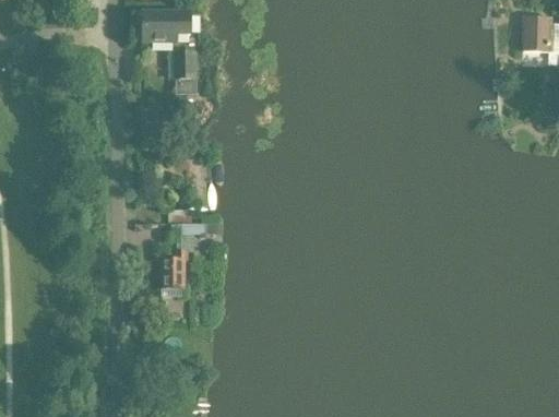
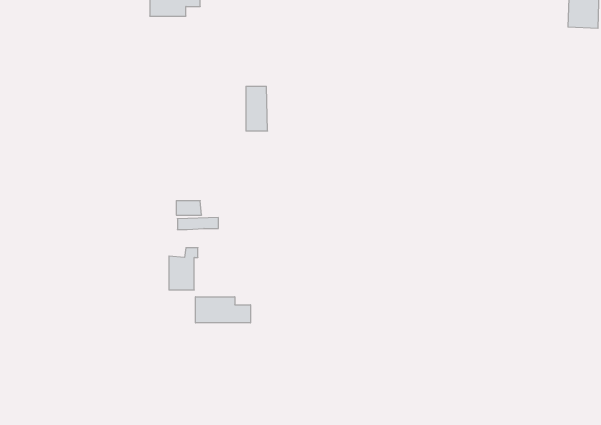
building: [176,50,195,91] -> [246,86,268,131]
building: none -> [196,297,250,323]

